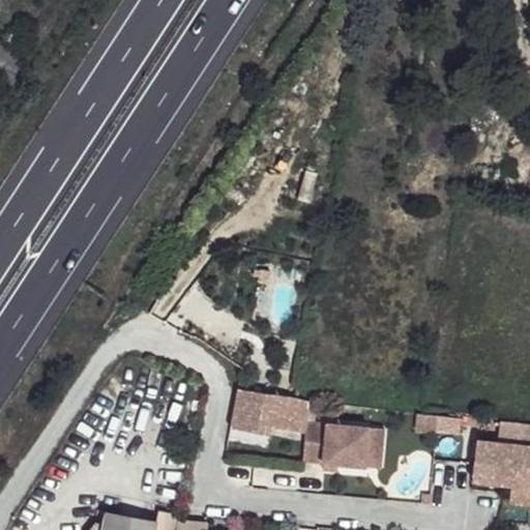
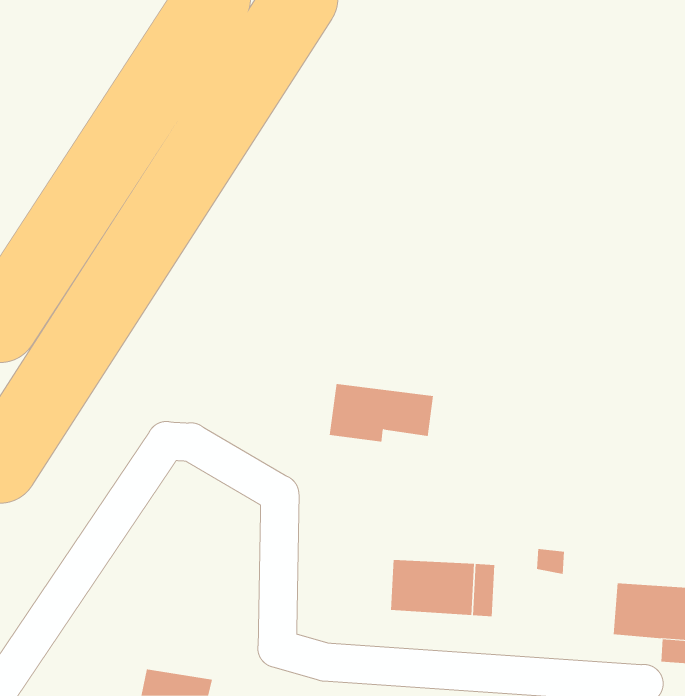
building: [229,395,308,440] -> [329,383,434,442]

